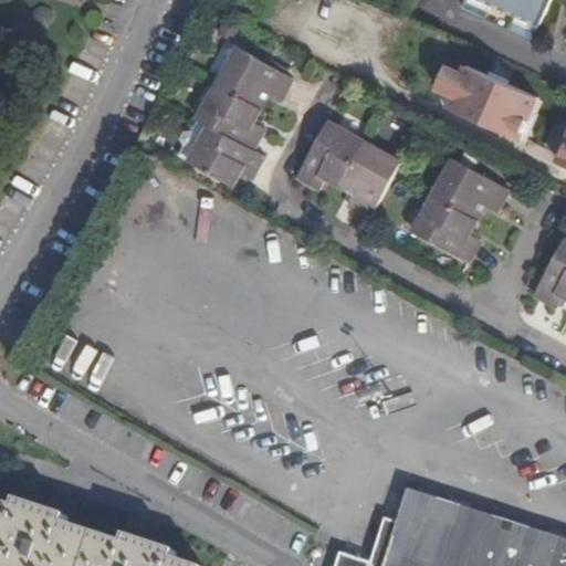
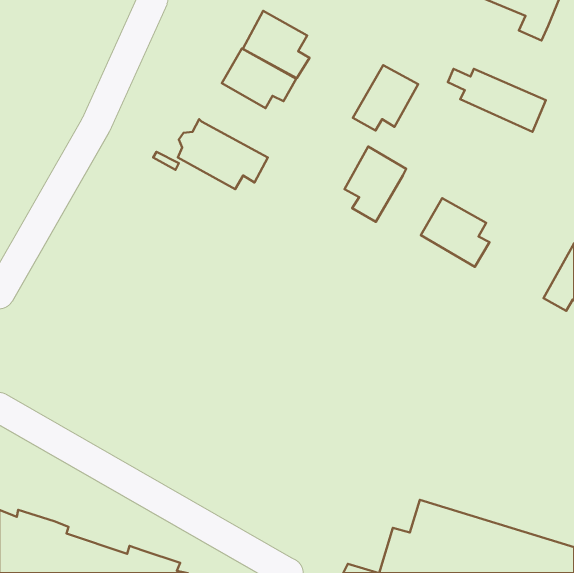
building: [198,82,263,148] -> [243,11,309,78]
building: [297,125,361,189] -> [353,65,418,130]
building: [434,159,509,219] -> none

